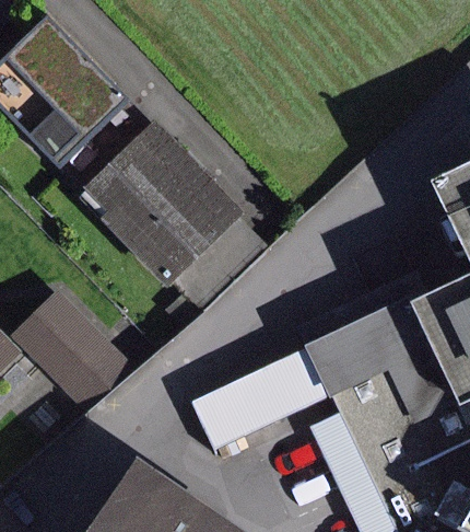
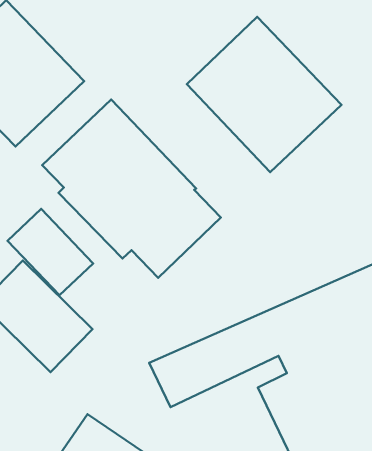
building: none -> [187,17,342,172]
building: none -> [7,209,93,295]

